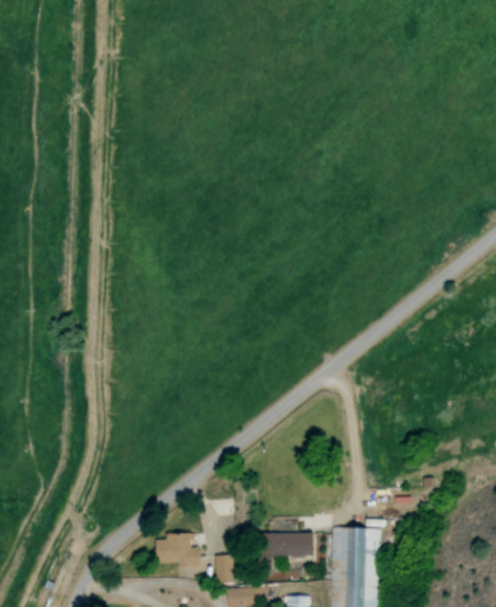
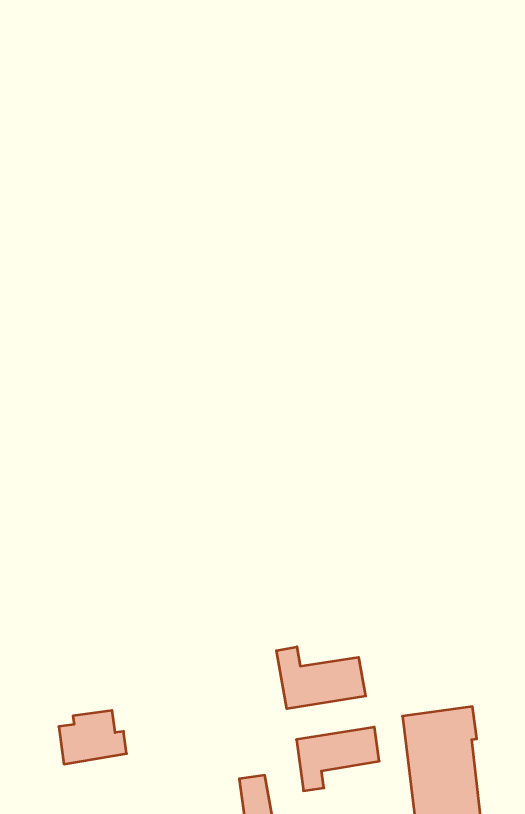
building: none -> [276,647,366,709]
building: [157,533,201,566] -> [59,710,127,764]

